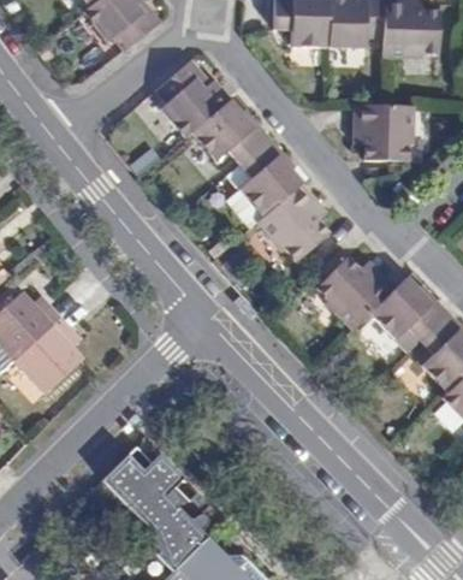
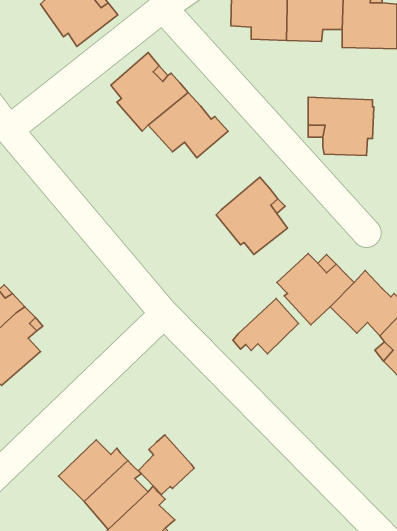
building: [238,138,301,217] -> none
building: none -> [233,298,298,354]
building: none -> [138,435,194,494]

